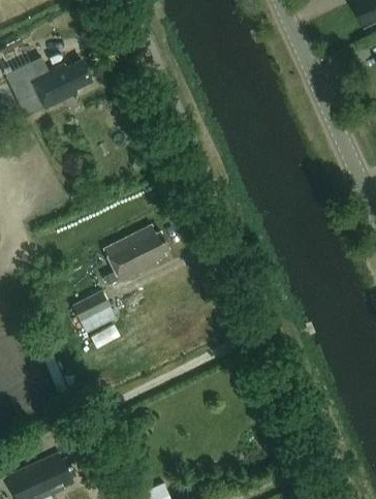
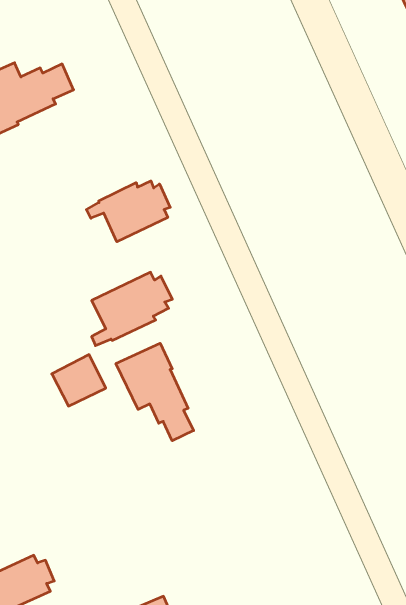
building: none -> [86,181,170,242]
building: none -> [116,343,194,441]

